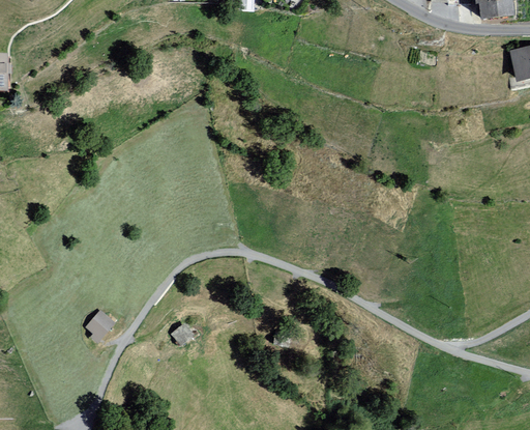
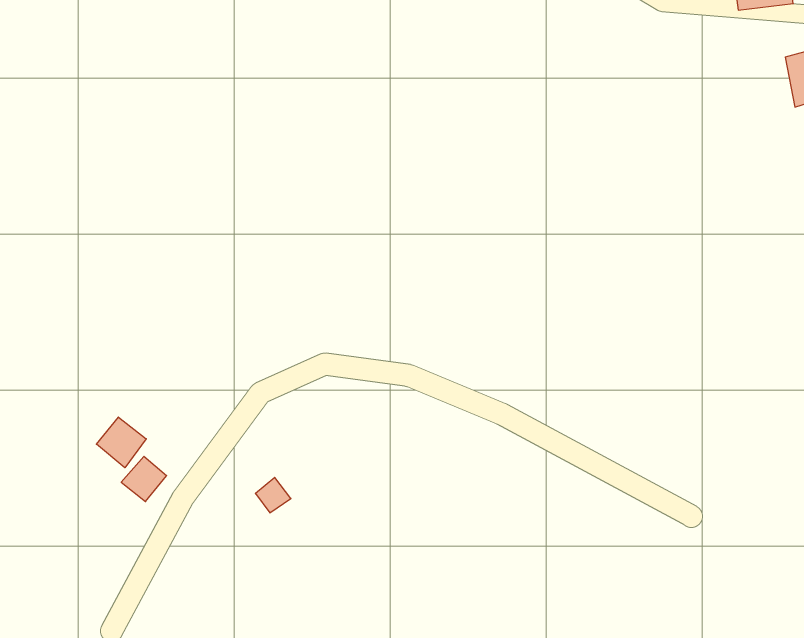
building: none -> [96,417,146,468]

